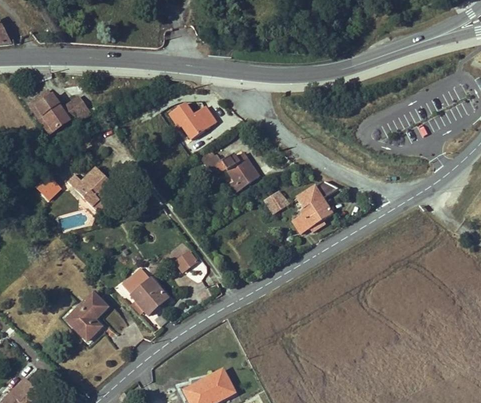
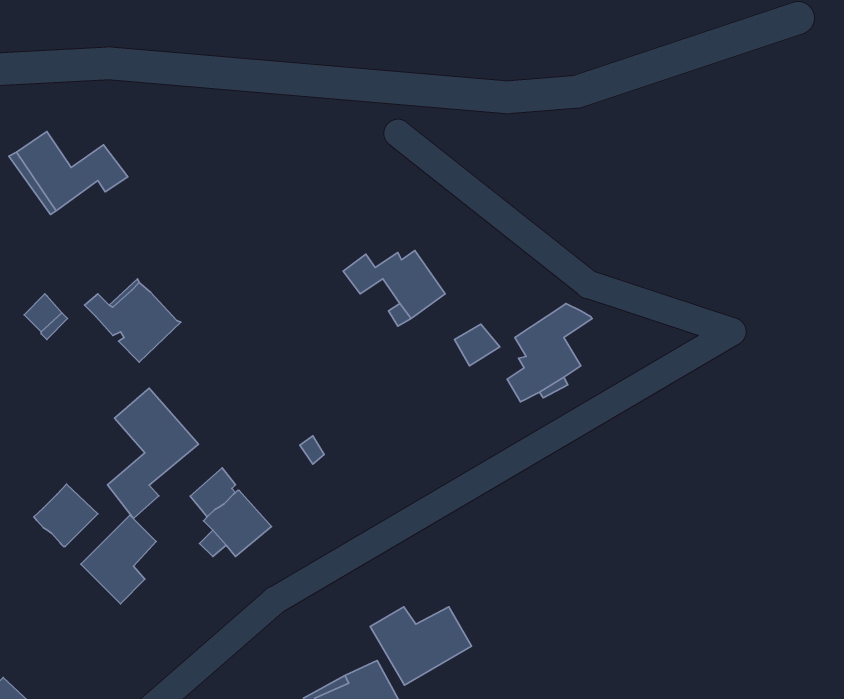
building: [169,102,216,138] -> none
building: none -> [107,388,198,519]
building: none -> [34,484,98,547]
building: none -> [370,607,472,685]

